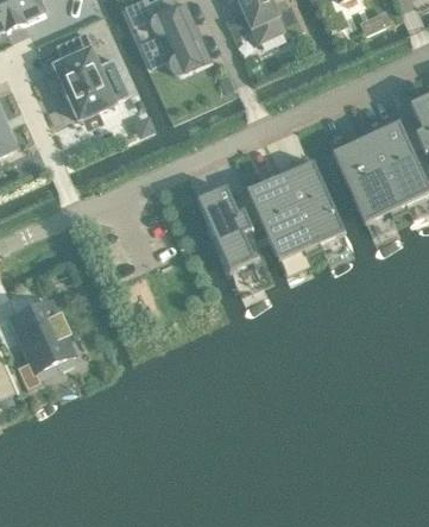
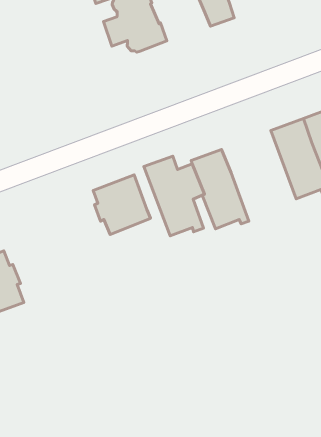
building: [56,31,130,118] -> none
building: [279,158,346,250] -> none
building: none -> [93,175,150,235]

